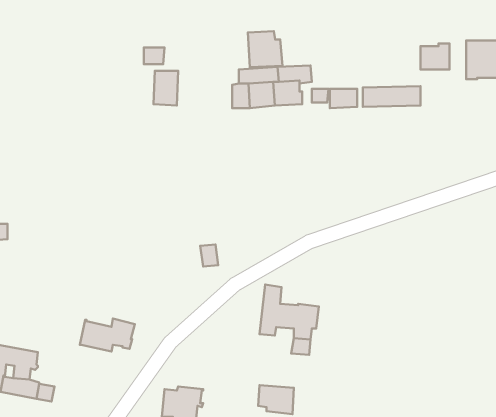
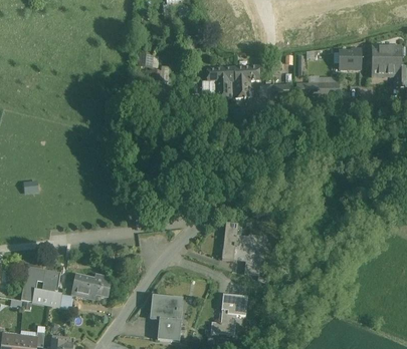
building: [248,31,283,67] -> none
building: [80,319,135,352] -> [71,274,112,298]

